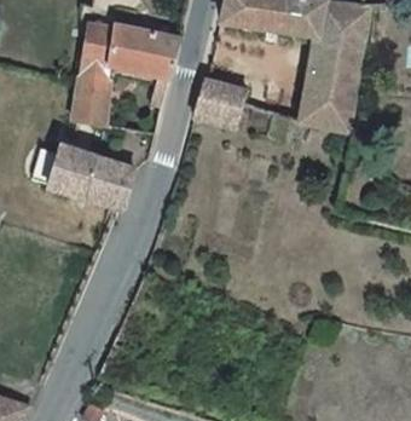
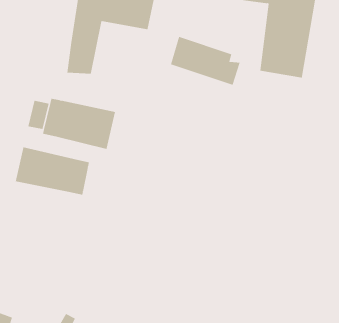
building: none -> [15,146,90,196]

